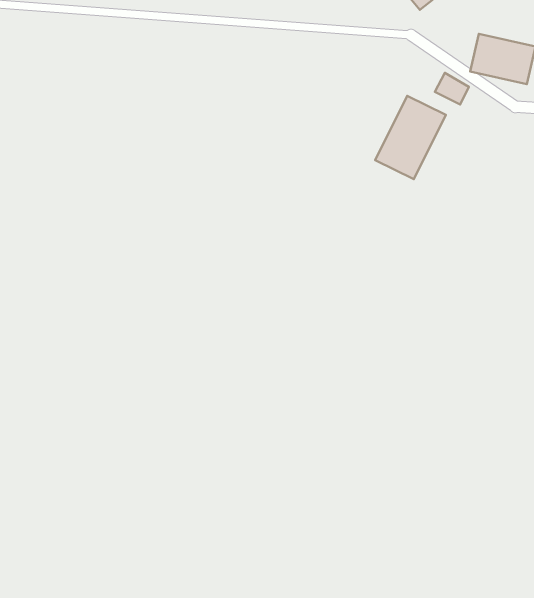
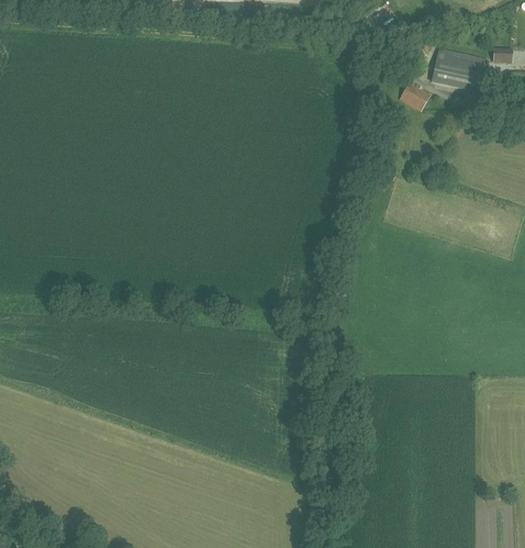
building: [375,96,446,179] -> none

